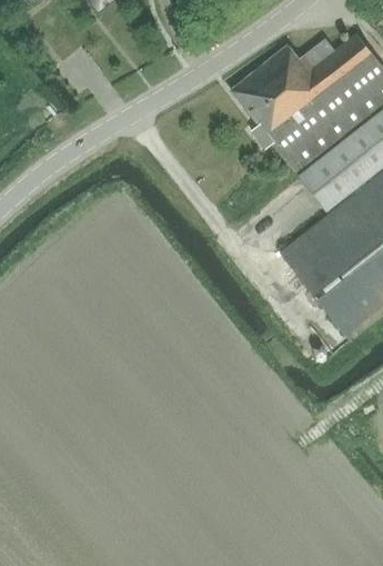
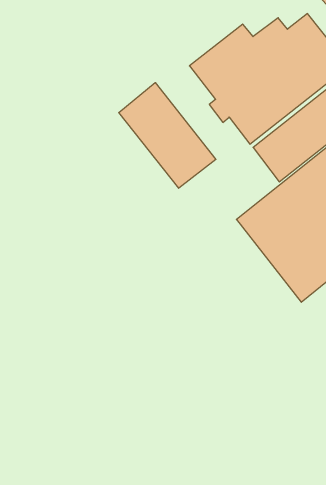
building: none -> [119,83,216,188]

